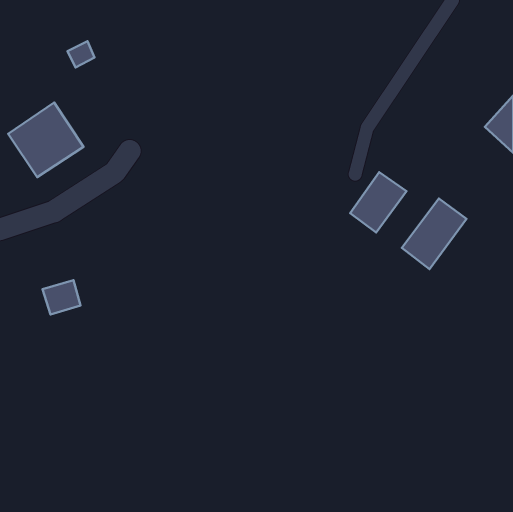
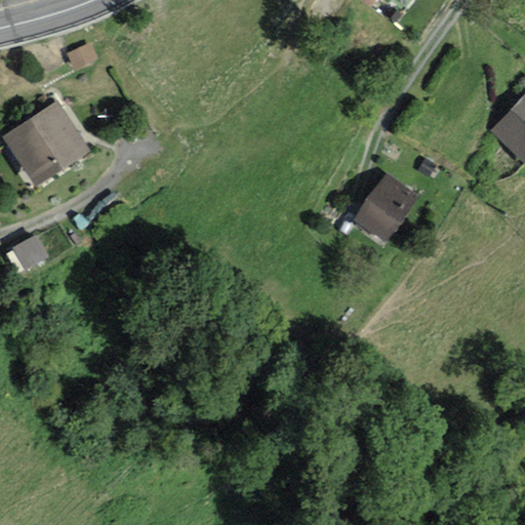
building: [402,199,466,269] -> none
building: [42,280,81,314] -> [8,234,47,269]

